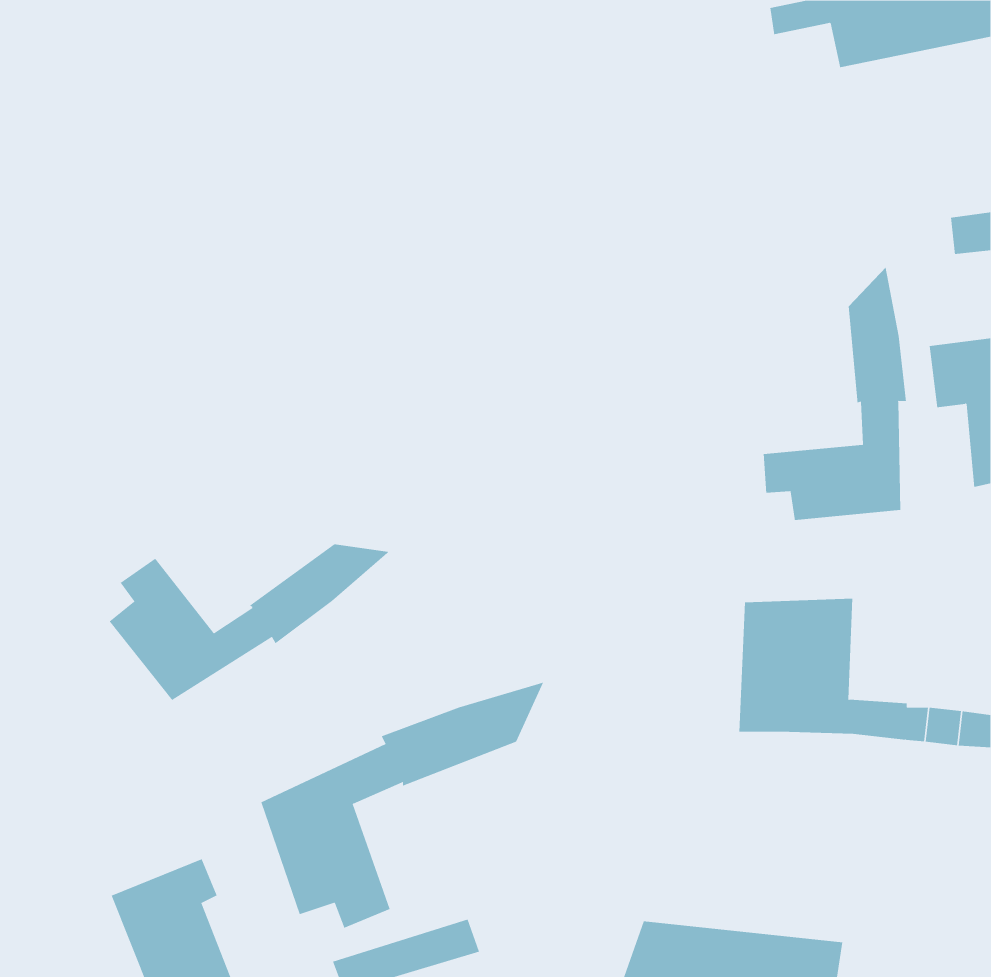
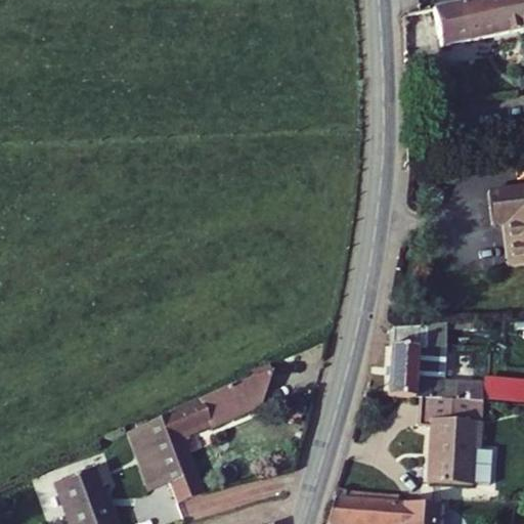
building: [763,266,906,521] -> none
building: [109,543,390,701] -> none
building: none -> [413,394,488,481]

